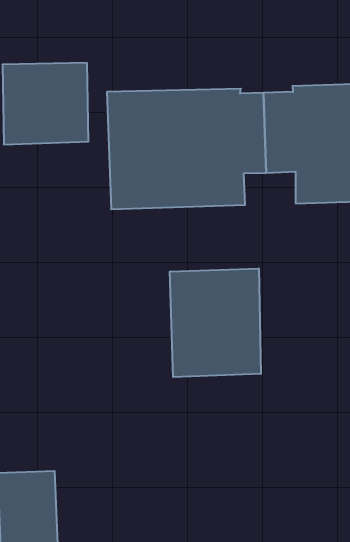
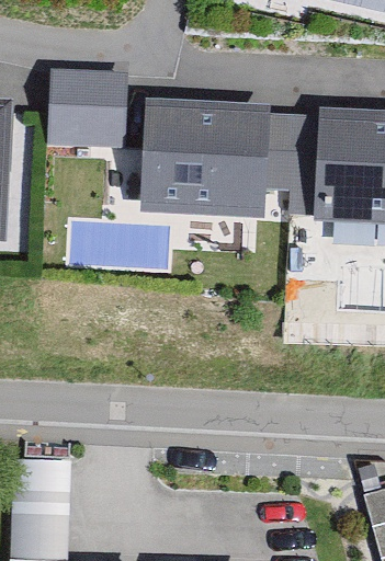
building: [170,268,261,377] -> none

